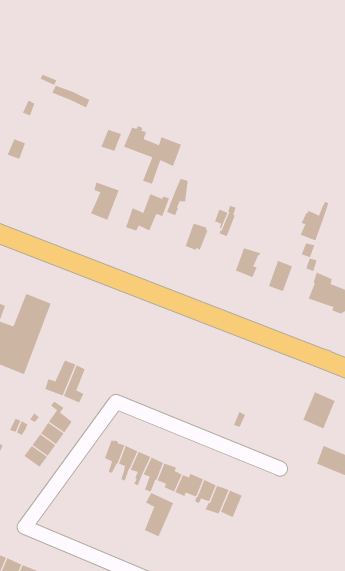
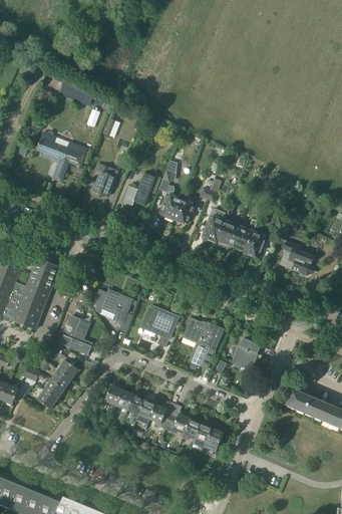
building: [123,126,182,184] -> [37,132,87,182]
building: [300,201,329,243] -> [233,217,258,253]
building: none -> [159,186,182,219]
building: none -> [204,211,227,242]
building: none -> [92,289,133,333]
building: none -> [146,307,179,347]
building: none -> [184,318,224,369]
building: [303,392,335,429] -> [233,338,261,370]
building: [144,492,174,537] -> none

